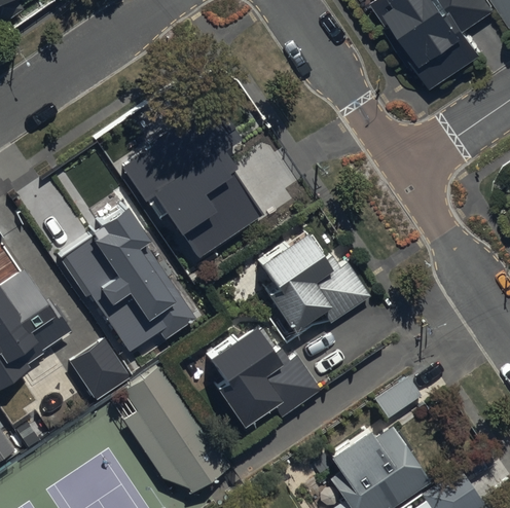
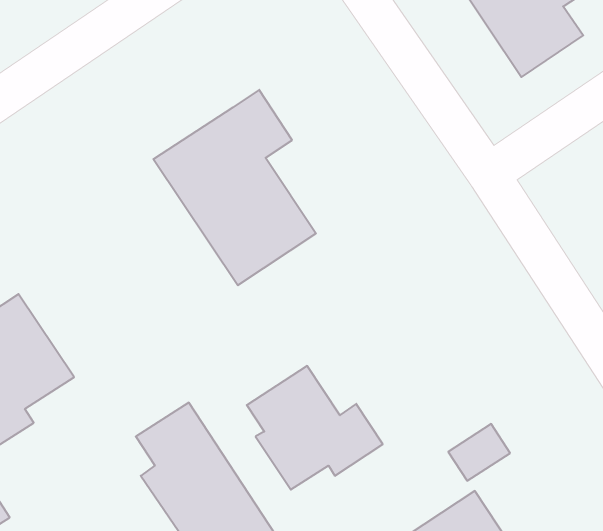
building: [61,208,190,350] -> none
building: [259,234,369,335] -> none
building: [69,334,130,395] -> none

